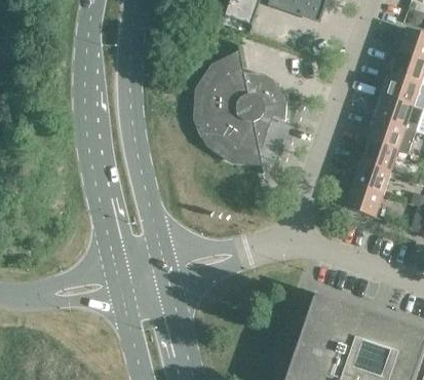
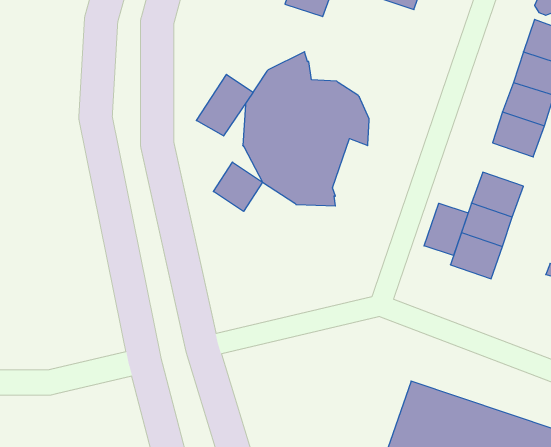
building: none -> [196,74,253,136]
building: [368,119,404,151] -> none
building: none -> [213,162,262,211]
building: none -> [424,203,468,255]

